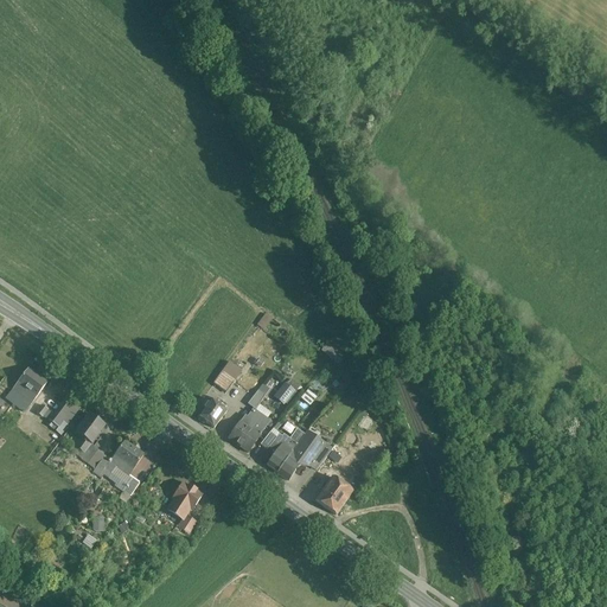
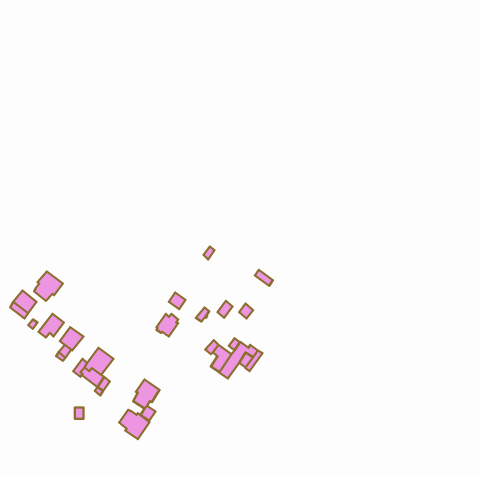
building: none -> [34,271,63,301]
building: [230,415,262,449] -> none
building: [317,474,352,512] -> none
building: none -> [119,410,150,439]

